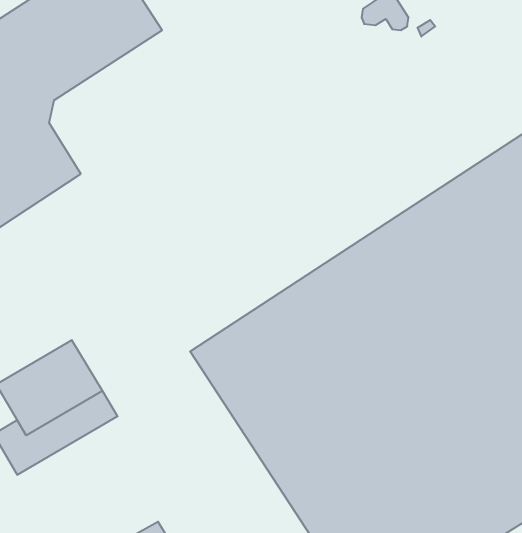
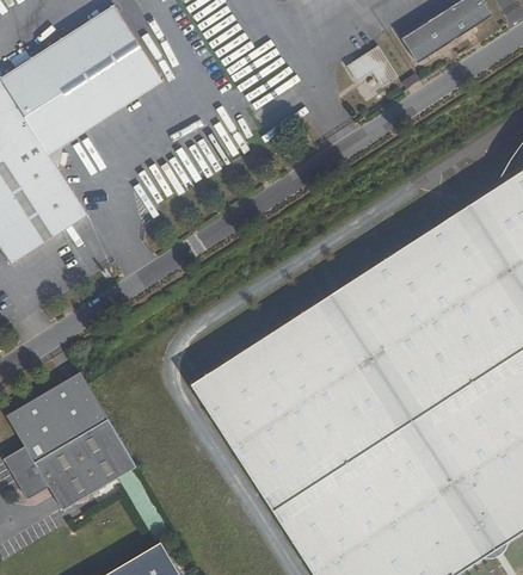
building: none -> [27,445,136,513]

